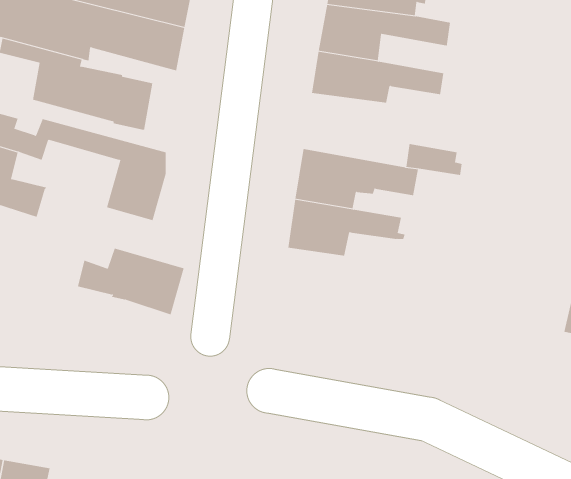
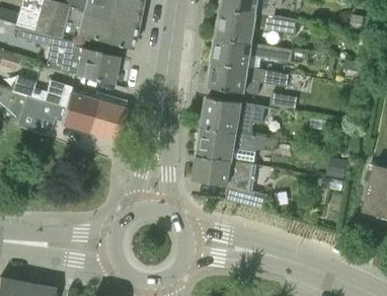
building: none -> [208,62,288,94]
building: none -> [193,155,265,208]
building: [77,248,185,315] -> [31,90,96,131]

